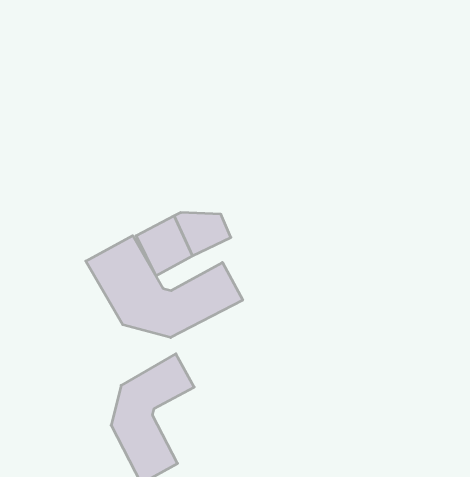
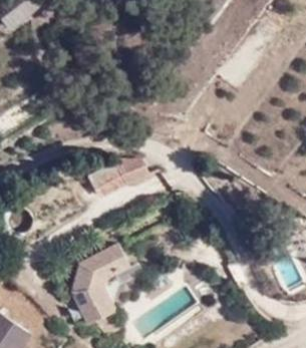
building: [86,236,243,338] -> none

